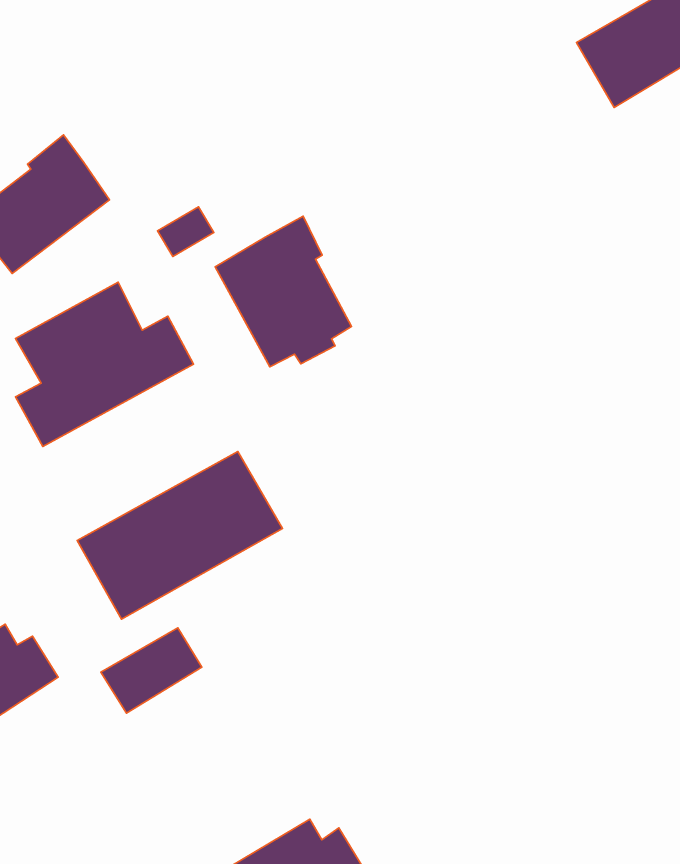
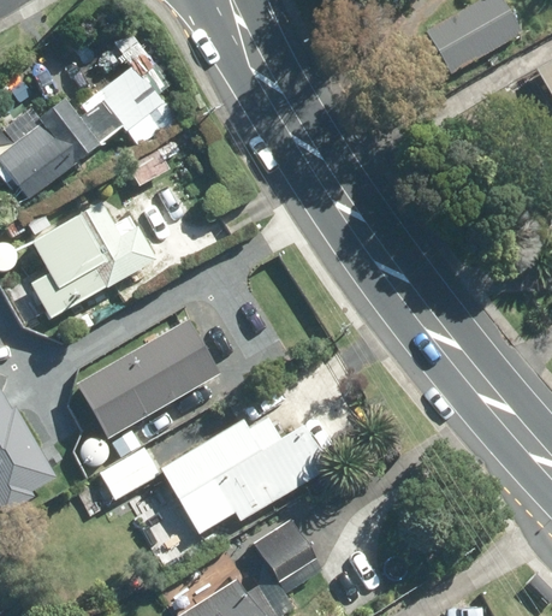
building: none -> [93,61,161,130]
building: [215,216,351,367] -> none
building: none -> [180,419,328,532]
building: none -> [254,519,321,591]

